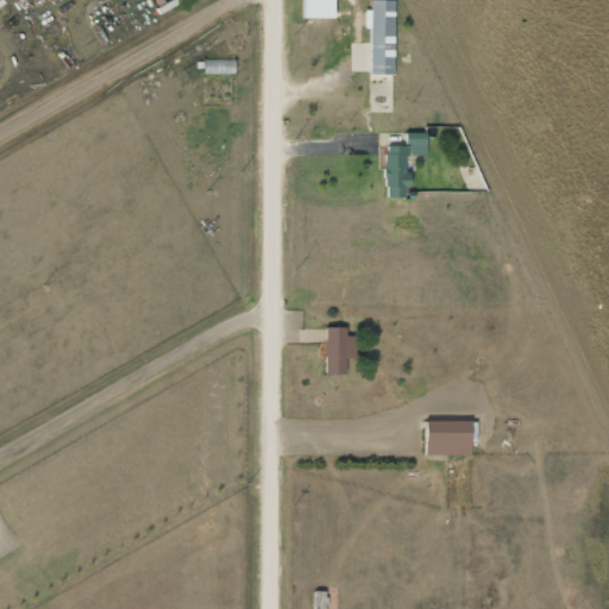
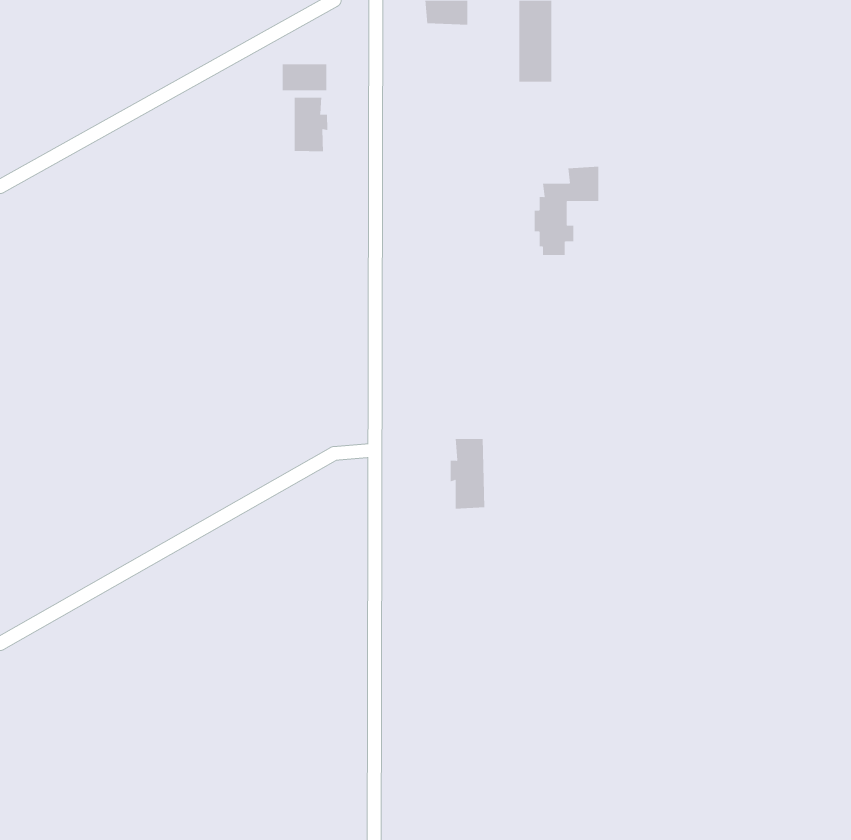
building: none -> [294,97,328,152]
building: [426,417,473,454] -> none

